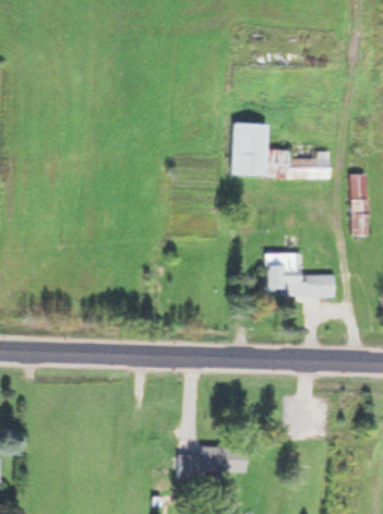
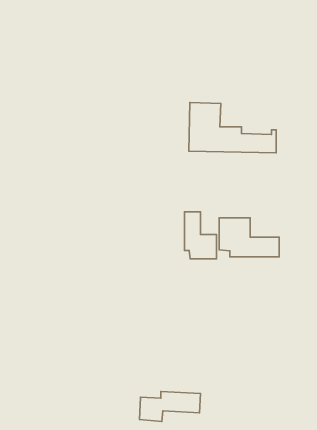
building: [351,175,368,235] -> none
building: none -> [184,212,217,259]

